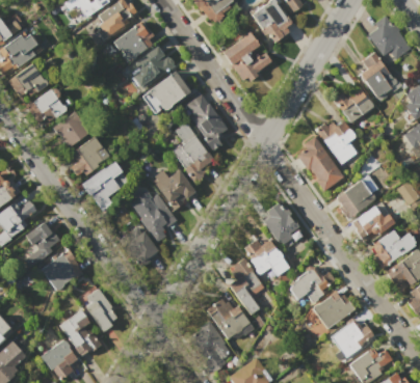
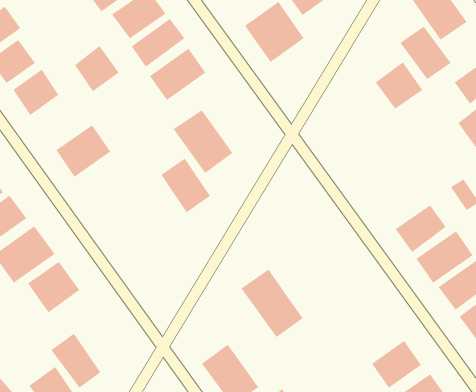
building: [183,92,232,148] -> none
building: [53,111,91,151] -> [74,45,120,92]
building: [316,113,359,158] -> none
building: [293,137,343,192] -> none
building: [83,161,130,204] -> none
building: [337,175,383,217] -> none
building: [136,193,179,238] -> none
building: [259,200,303,246] -> none
building: [122,225,161,267] -> none
building: [243,234,289,283] -> none
building: [289,262,337,306] -> none
building: [80,286,123,333] -> none
building: [313,290,355,329] -> none
building: [207,293,256,345] -> none

